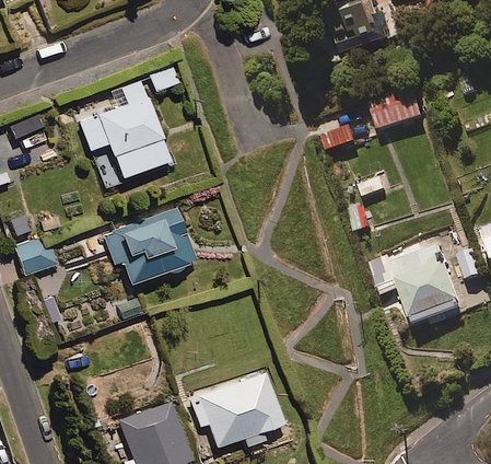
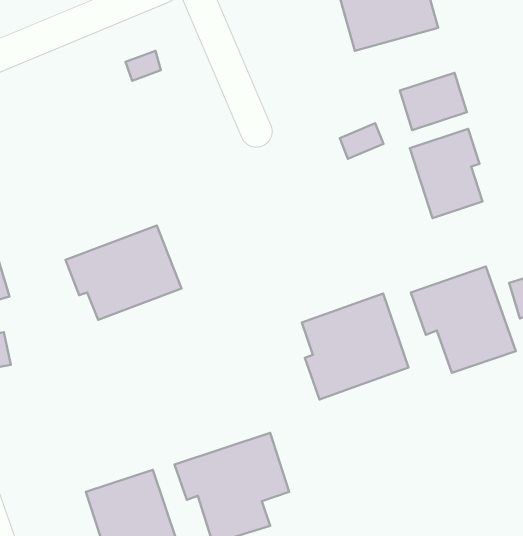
building: [78,82,168,175] -> none
building: none -> [410,129,482,218]
building: none -> [302,294,408,399]

